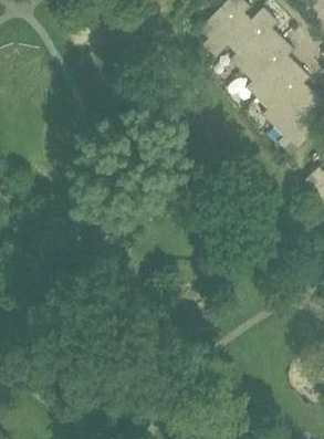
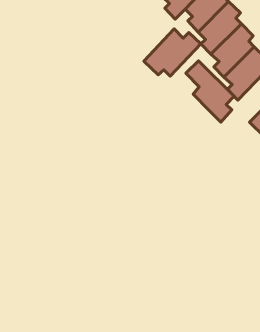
building: none -> [144,29,201,76]
building: none -> [186,61,234,122]

